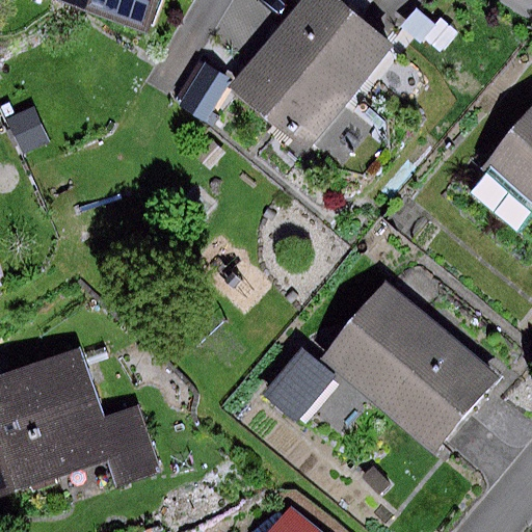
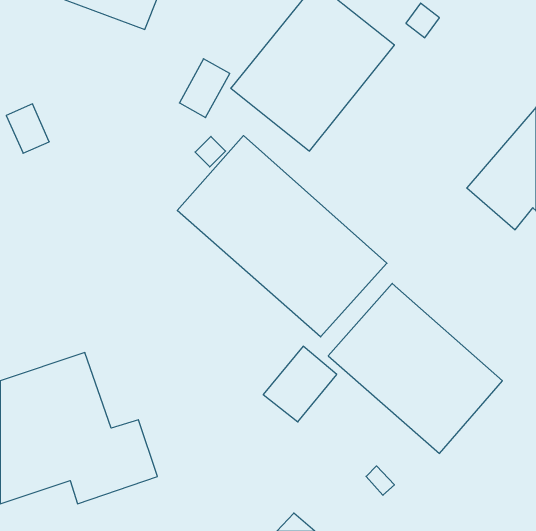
building: none -> [177,136,387,337]

